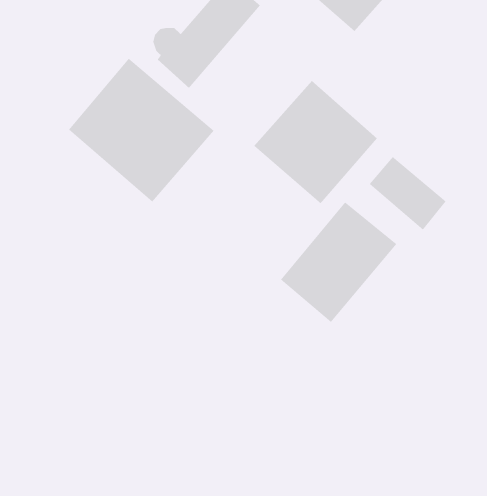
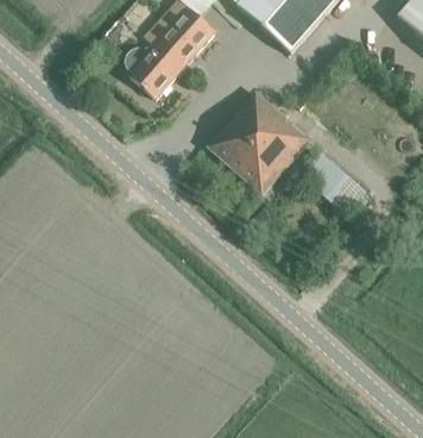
building: [68,58,214,202] -> none
building: [280,202,397,323] -> none

